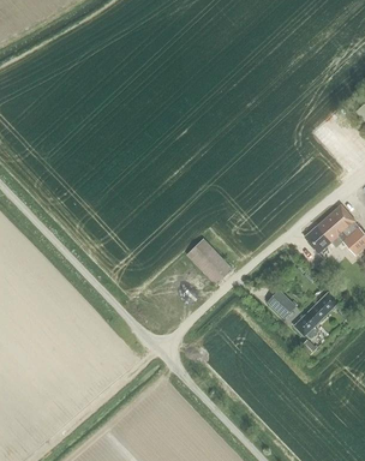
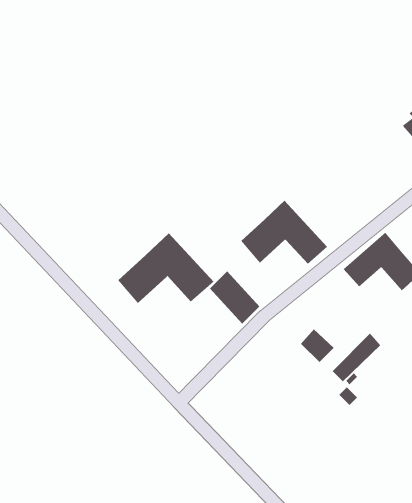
building: none -> [240,200,328,265]
building: none -> [117,232,215,304]

